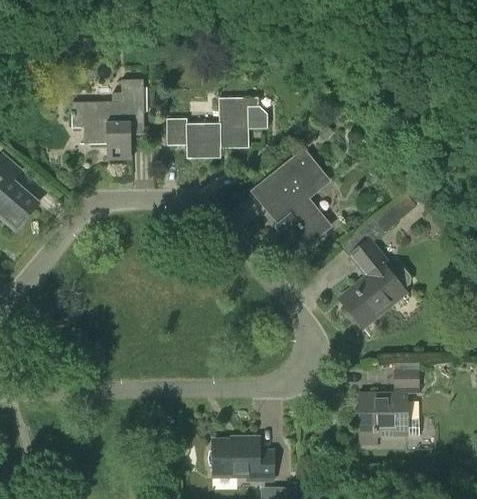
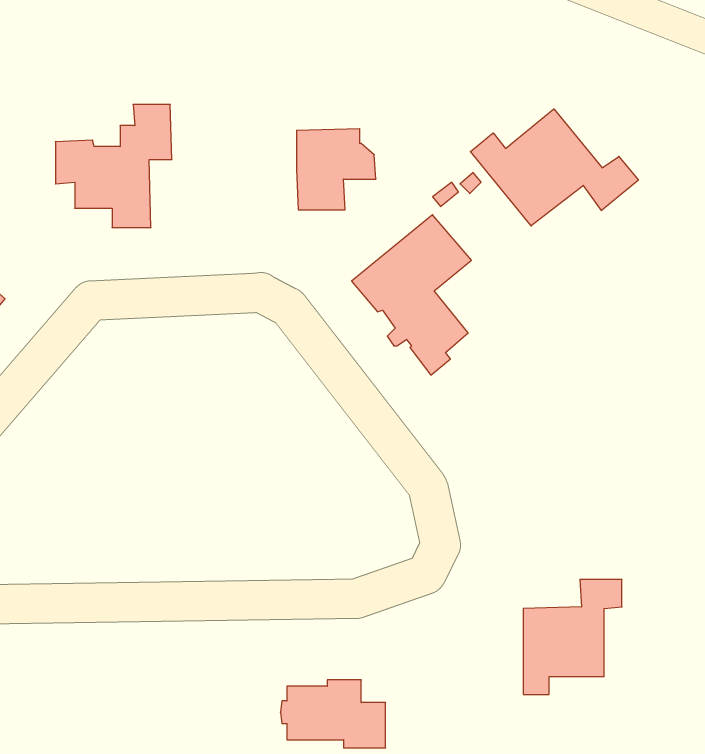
building: none -> [470,109,638,226]
building: [167,118,221,158] -> none
building: [340,193,417,326] -> none

